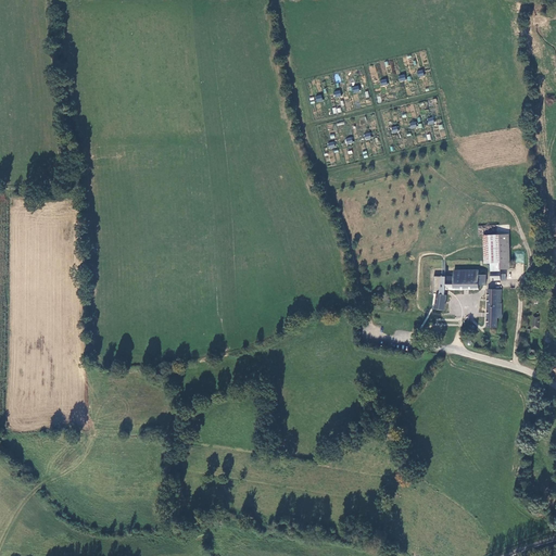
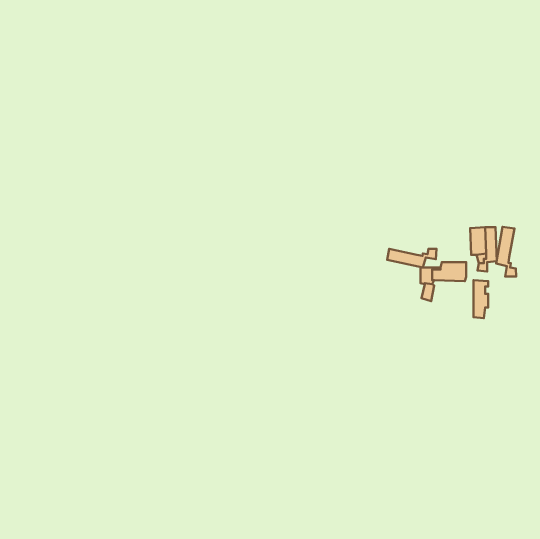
building: none -> [496,227,516,277]
building: none -> [387,249,436,267]

